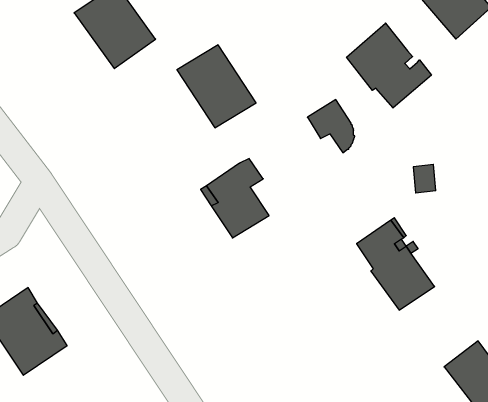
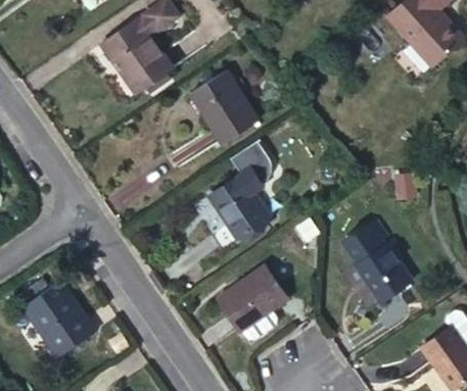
building: [347,23,431,108] -> none
building: [307,100,355,153] -> [232,140,273,186]
building: none -> [217,266,286,340]

